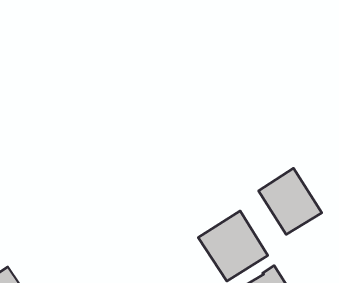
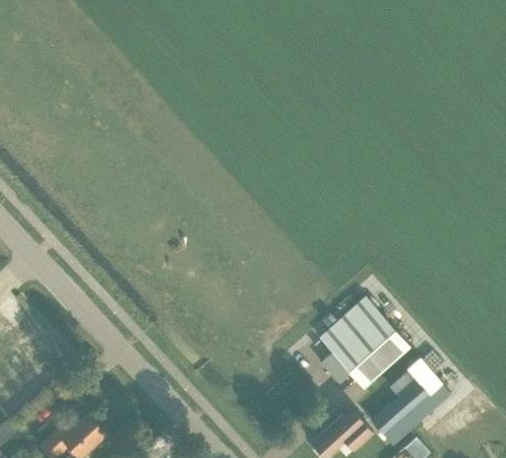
building: [259,168,322,234] -> none

